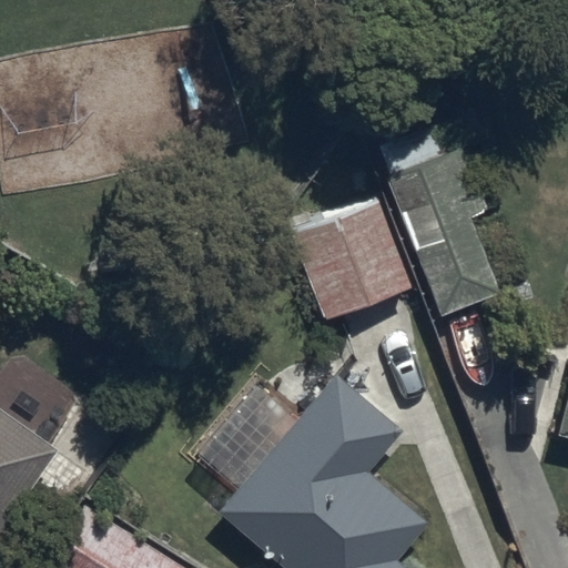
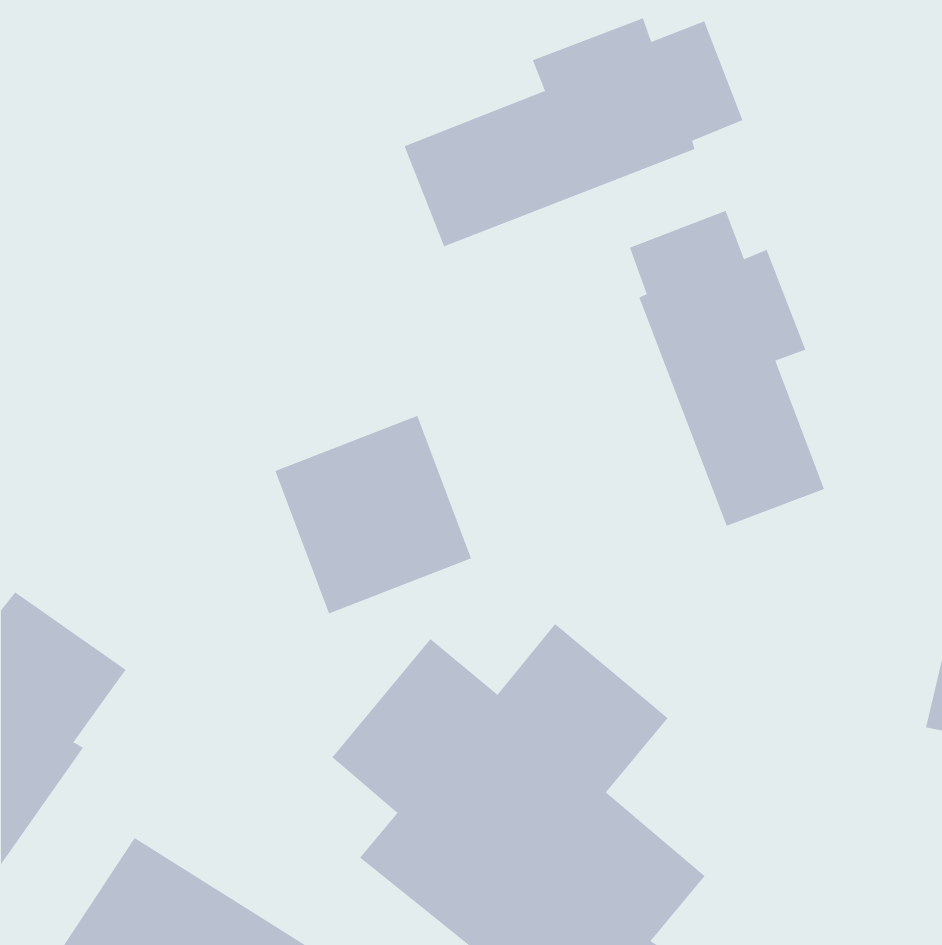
building: none -> [404,18,743,247]
building: [292,201,409,320] -> [275,415,472,614]

